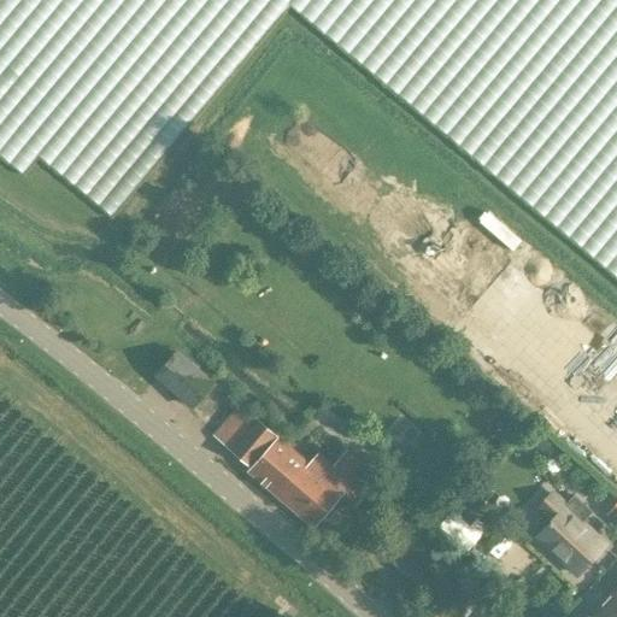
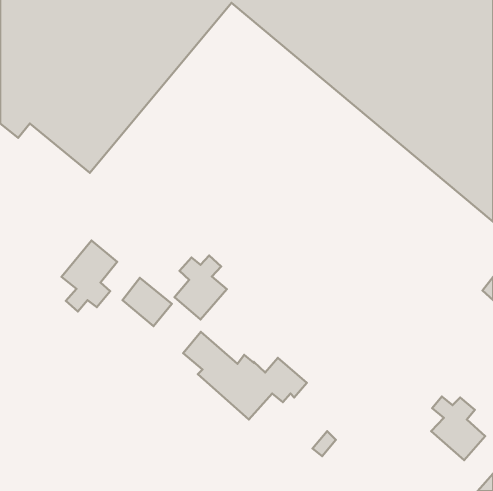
building: none -> [61,240,117,311]
building: none -> [175,256,227,320]

